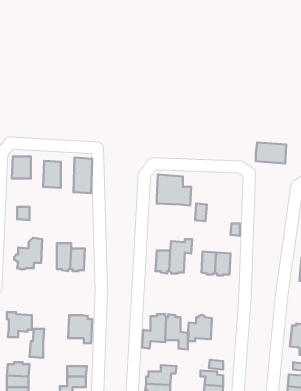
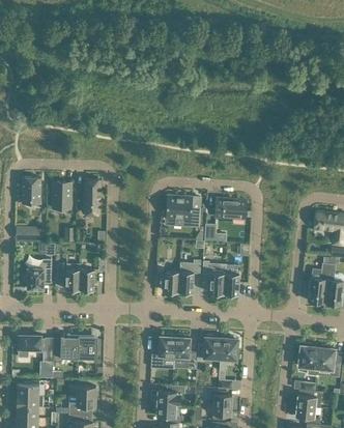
building: [256,143,286,163] -> [216,199,246,220]
building: none -> [53,336,79,363]
building: none -> [220,337,239,371]

